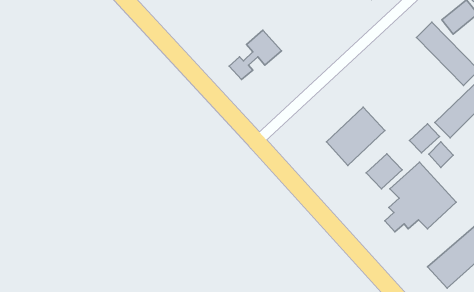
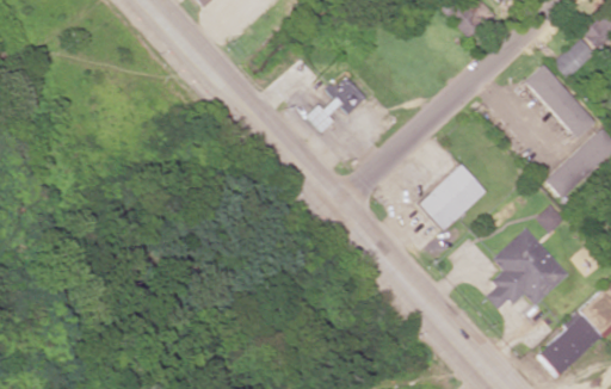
building: [410,124,439,153] -> none
building: [366,154,402,189] -> none

